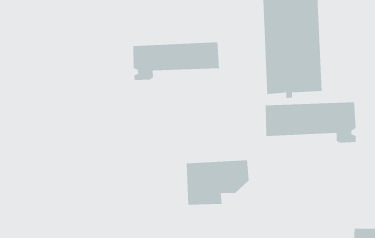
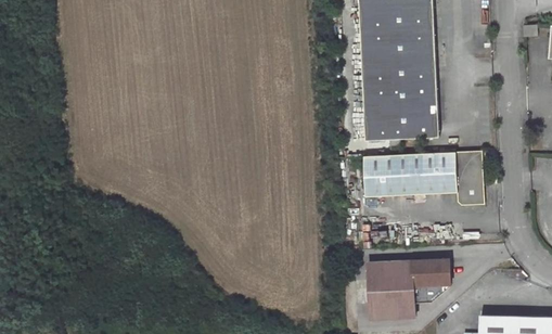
building: [133,41,219,81] -> none
building: [186,160,250,205] -> [369,259,452,319]

